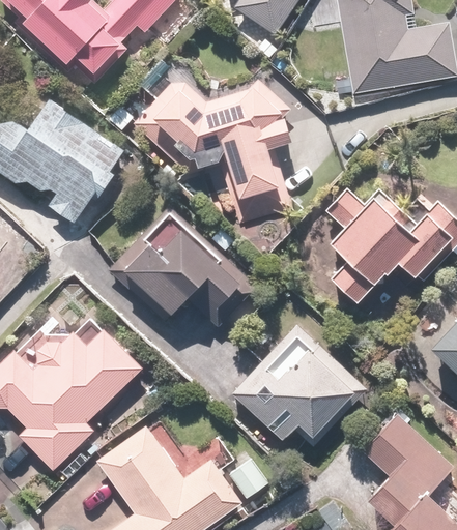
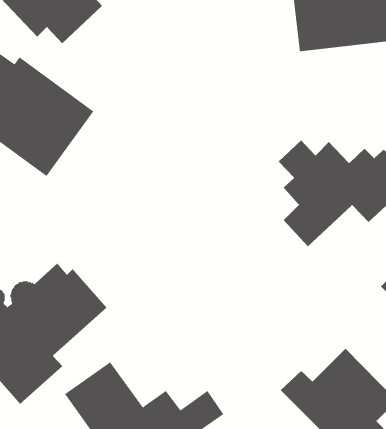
building: [133,78,295,223] -> none
building: [124,212,252,327] -> none
building: [232,323,362,442] -> none

